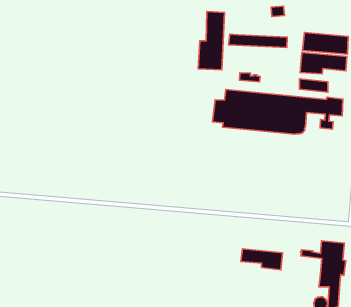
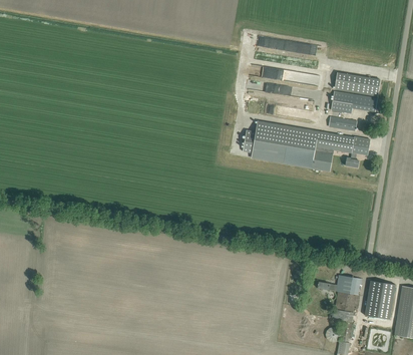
building: [198,11,224,70] -> none
building: [241,249,283,270] -> none

